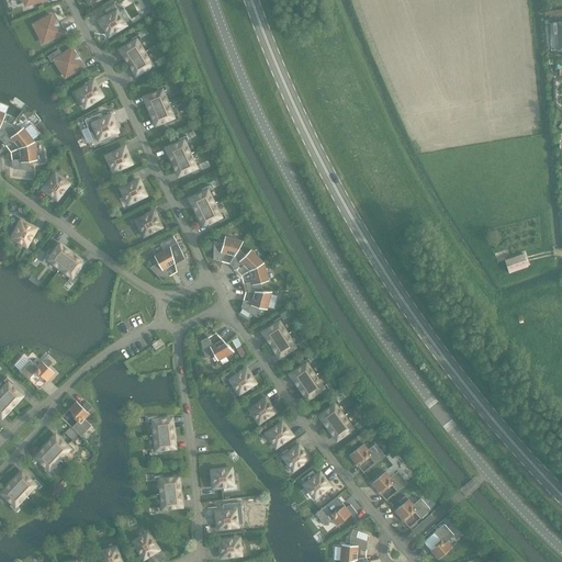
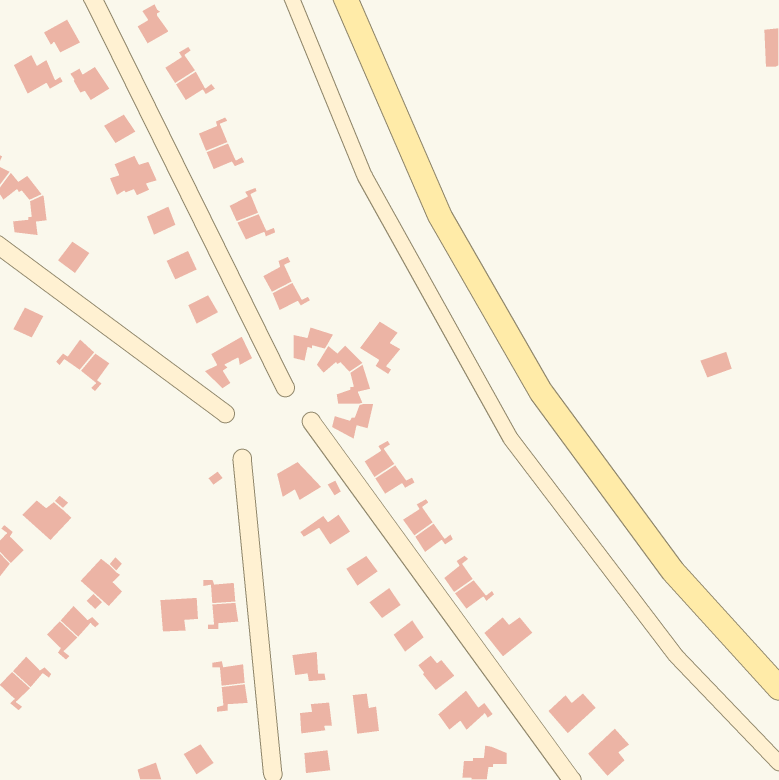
building: none -> [13,54,64,95]
building: none -> [359,320,401,375]
building: none -> [160,597,199,632]
building: [369,469,404,498] -> none
building: none -> [352,693,380,735]

